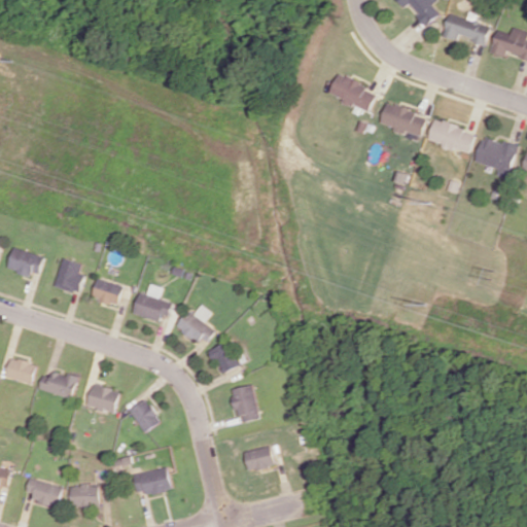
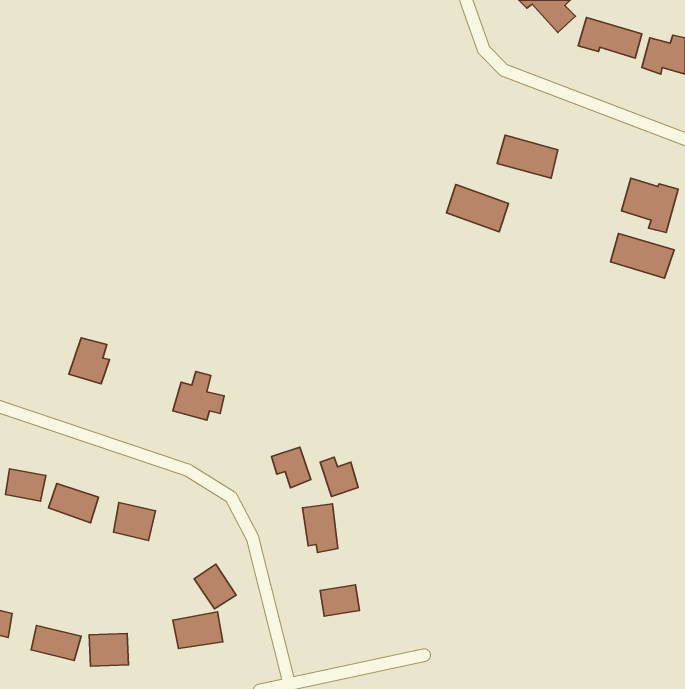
building: [328,75,376,111] -> [446,184,509,232]
building: [426,119,475,153] -> [611,234,674,278]
building: [5,247,43,277] -> none
building: [91,279,121,305] -> none
building: [175,305,214,346] -> none
building: none -> [320,457,358,496]
building: [128,398,160,432] -> [194,564,236,609]

